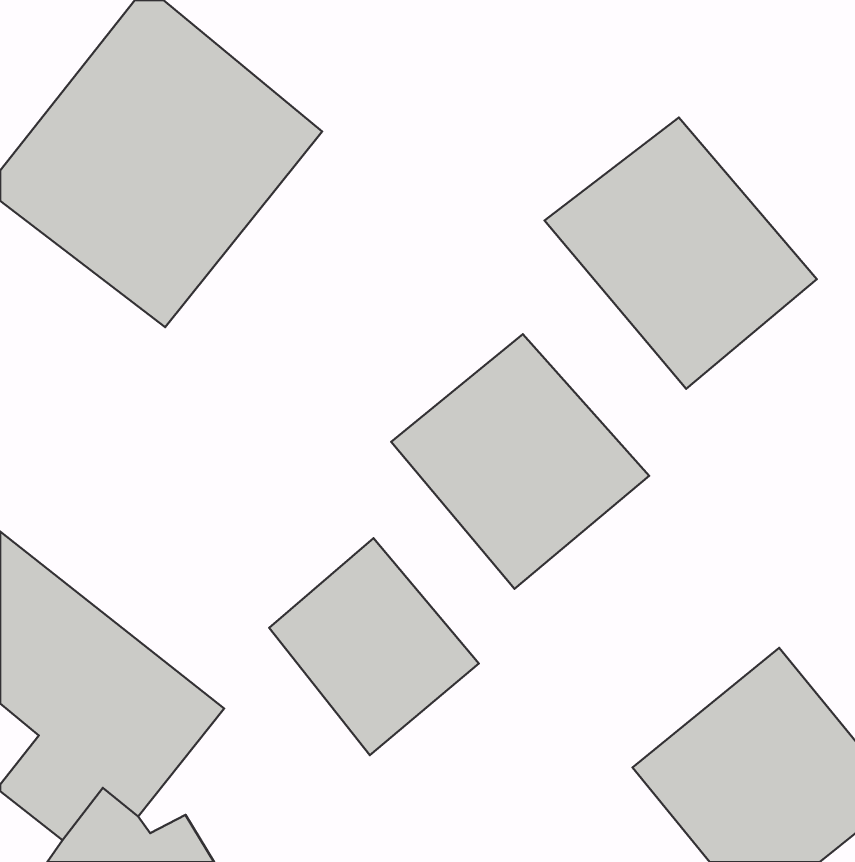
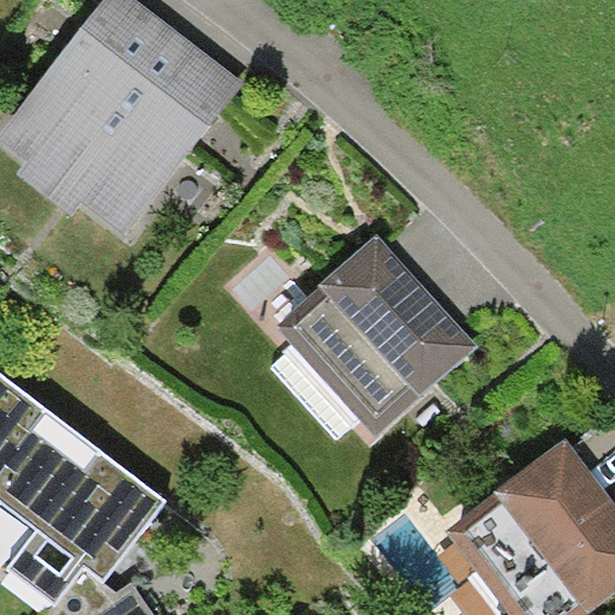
building: [545,117,817,389] -> none
building: [269,538,479,755] -> none

